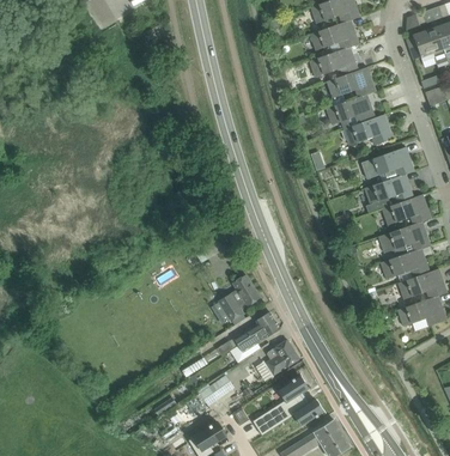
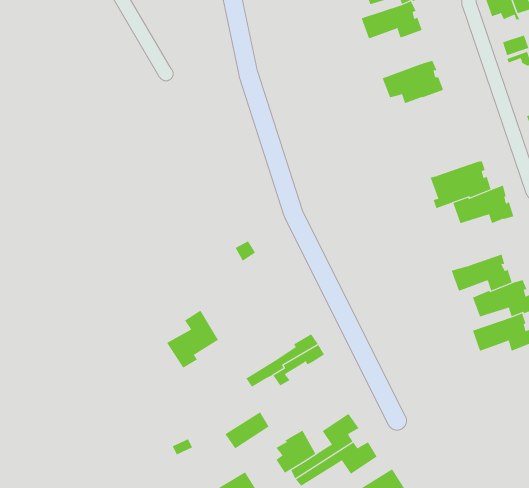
building: [327,67,376,98] -> none
building: [343,115,393,145] -> none
building: [361,147,414,180] -> none
building: [377,221,431,259] -> none
building: [218,274,260,321] -> [166,310,219,368]
building: [266,340,298,375] -> [276,430,316,473]

